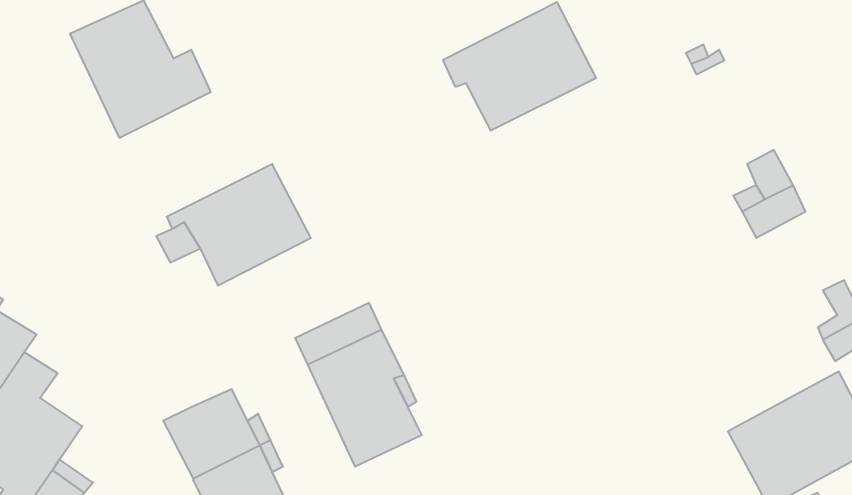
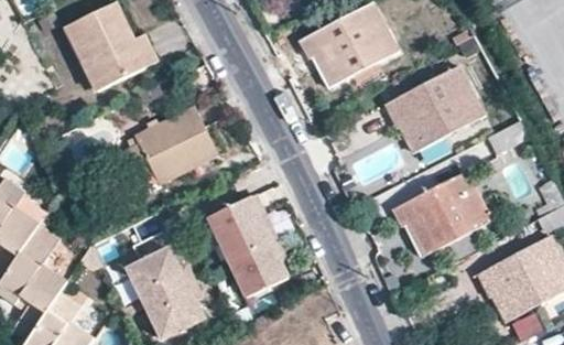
building: none -> [387,66,482,151]
building: none -> [393,171,501,254]

